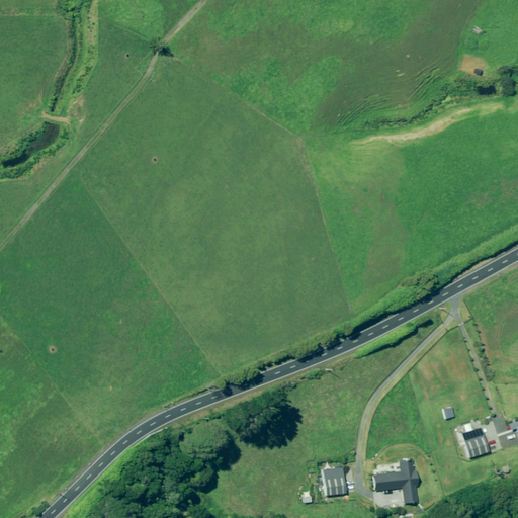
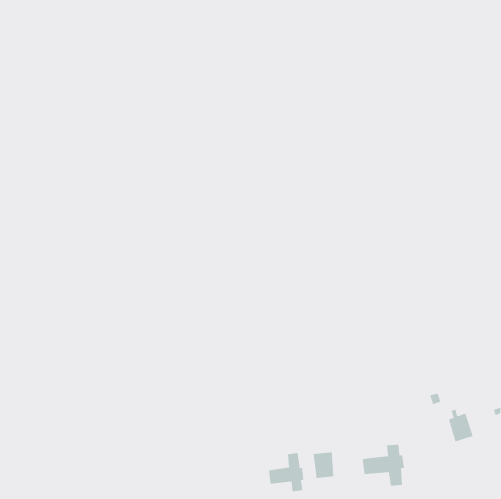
building: none -> [269,452,304,492]

